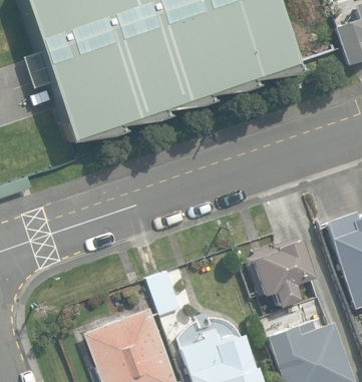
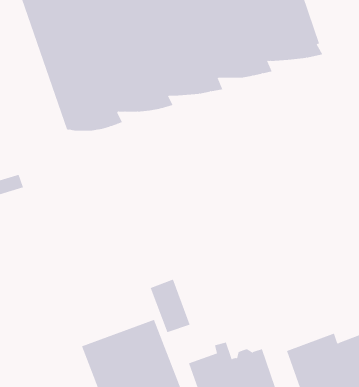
building: [245,237,315,307] -> none

